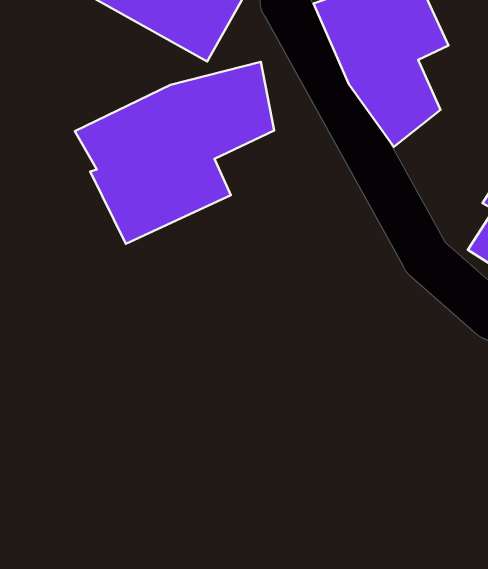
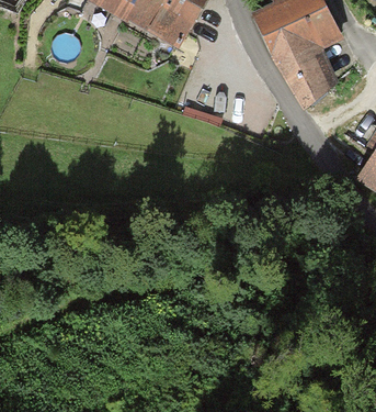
building: [75,62,274,244] -> none

